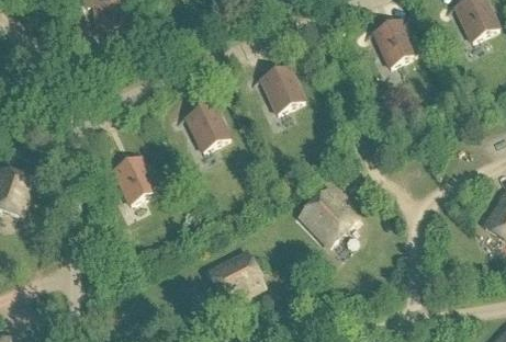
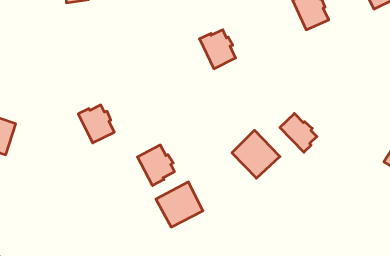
building: [184,103,228,150] -> none
building: none -> [280,113,317,152]
building: none -> [137,145,174,186]

